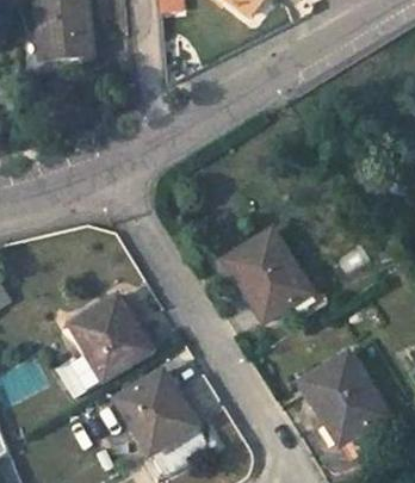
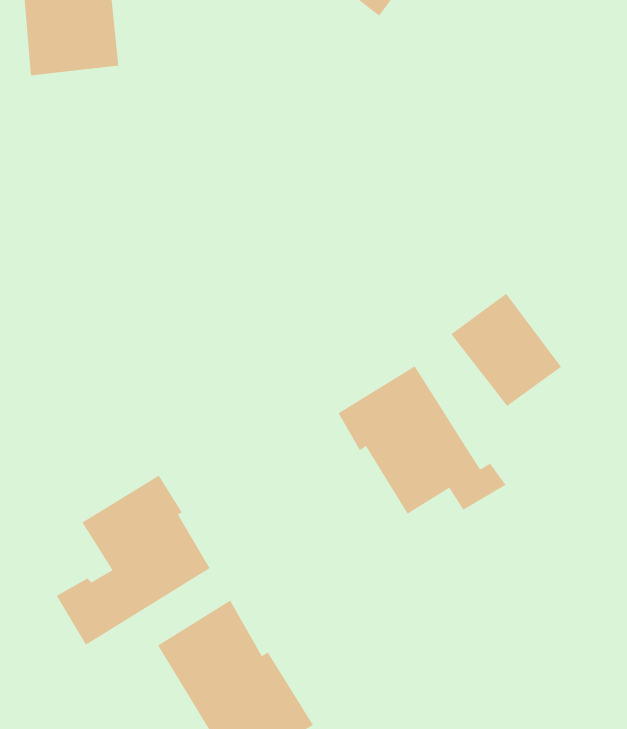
building: none -> [450,293,562,407]
building: [299,351,385,439] -> none

